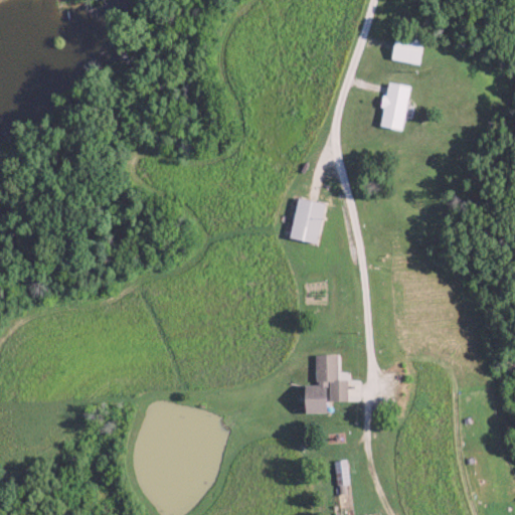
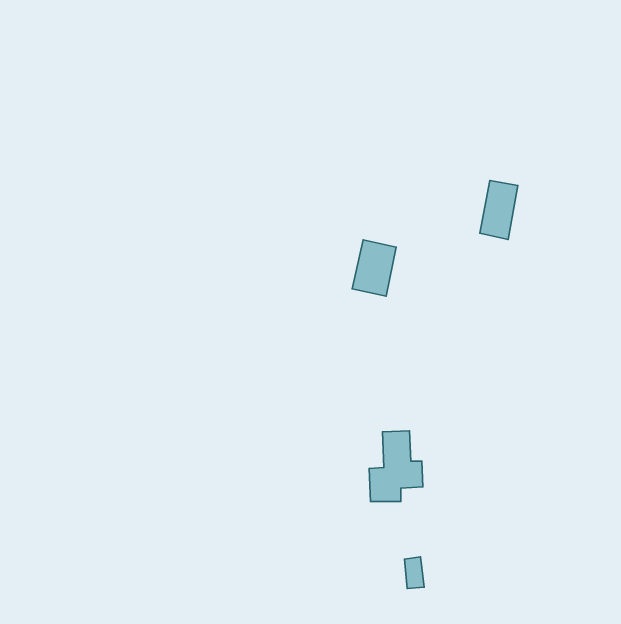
building: [393,37,424,63] -> none
building: [379,82,410,131] -> [480,181,518,239]

